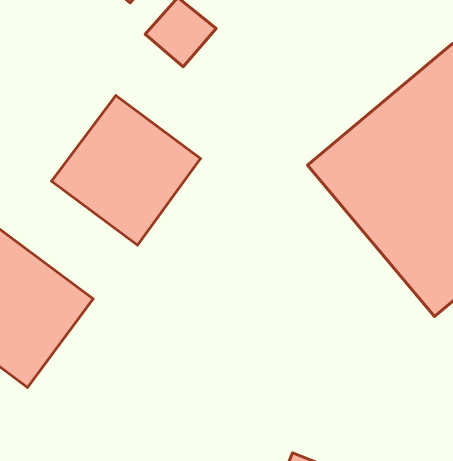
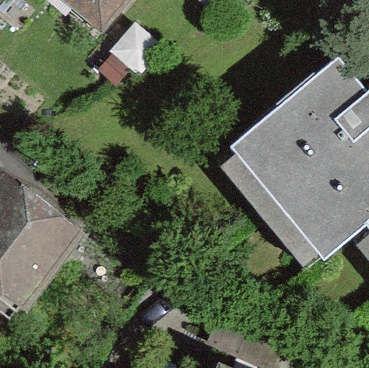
building: [51,95,200,245] -> none

